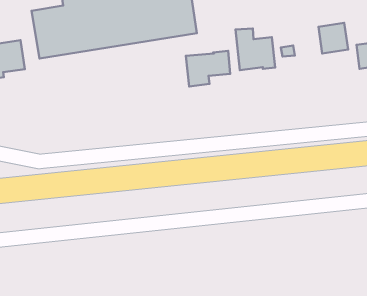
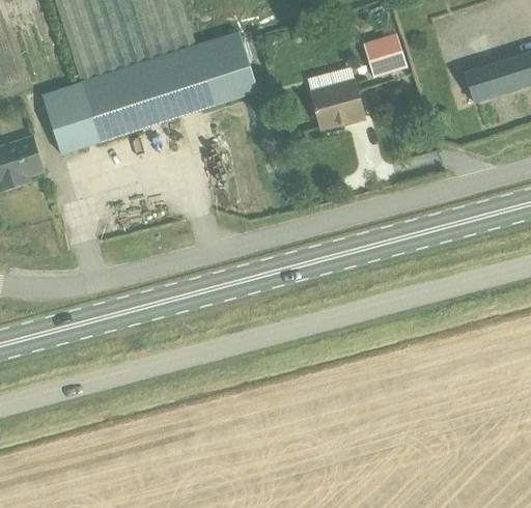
building: [318,23,348,54] -> [364,33,407,77]
building: [186,51,230,86] -> none

